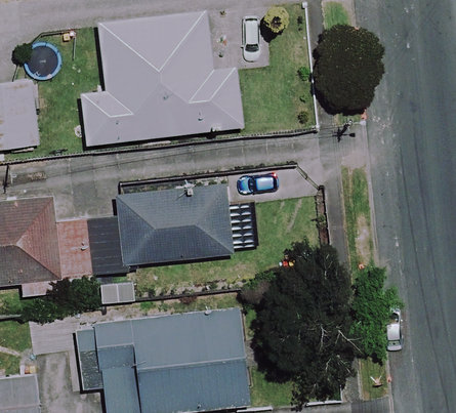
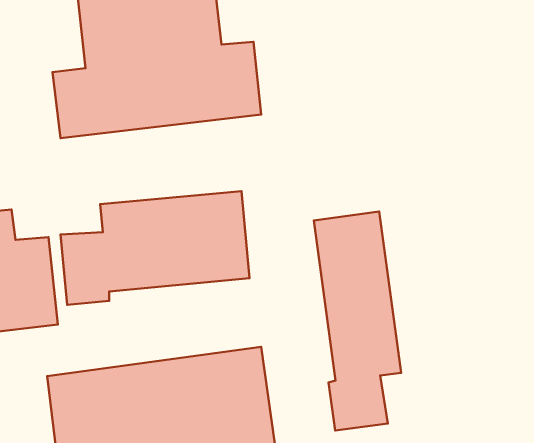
building: none -> [314,211,401,431]

